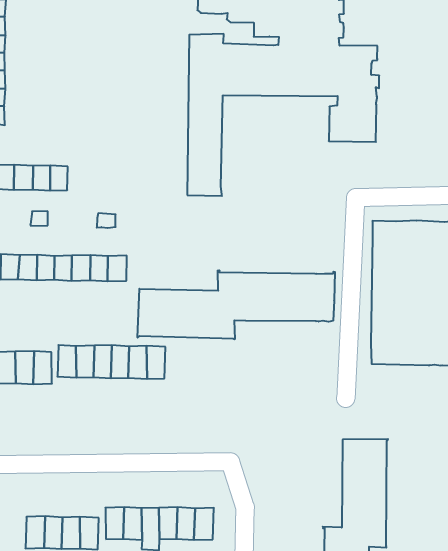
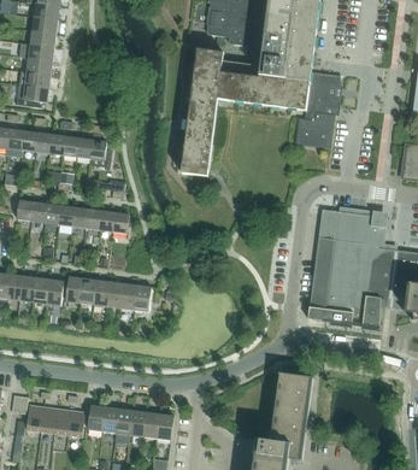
building: none -> [89,133,112,168]
building: [138,270,335,339] -> none

